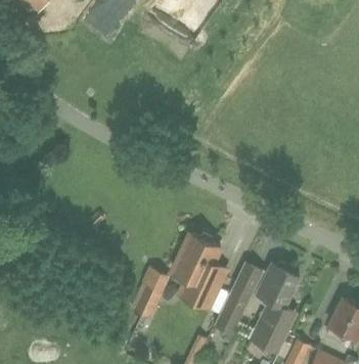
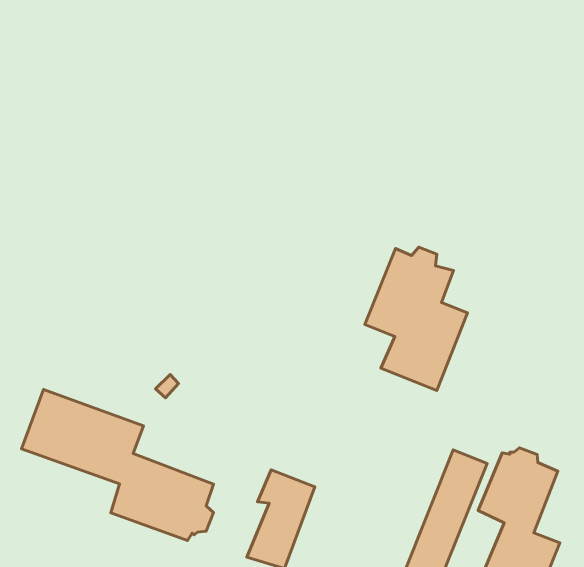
building: none -> [21,389,214,540]
building: [172,233,226,309] -> [365,247,467,390]

